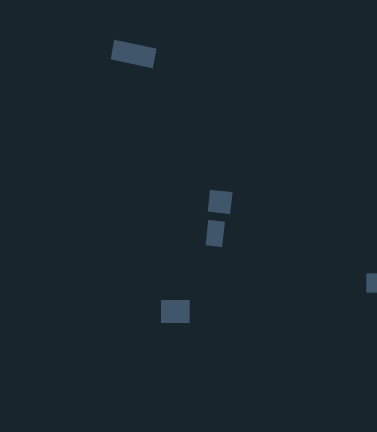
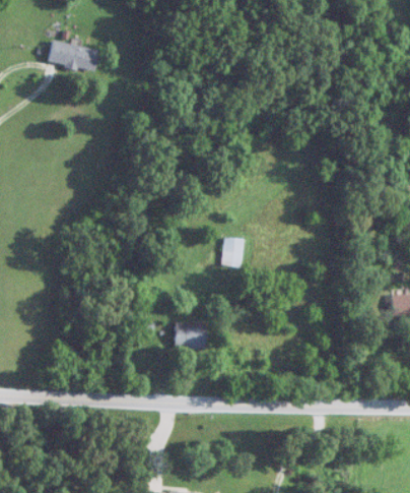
building: [110,39,157,69] -> [50,40,100,72]
building: [207,189,233,215] -> none

